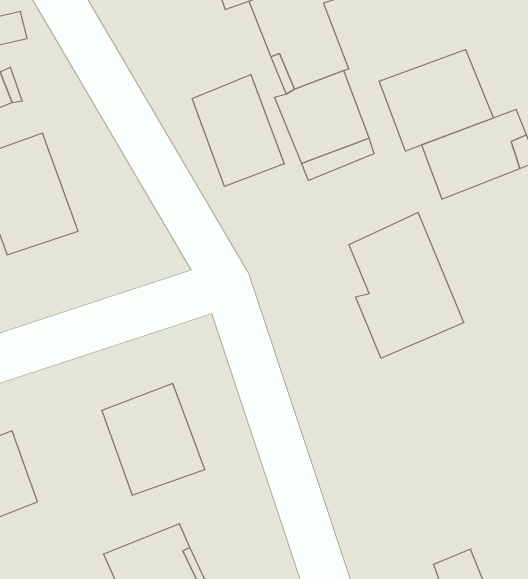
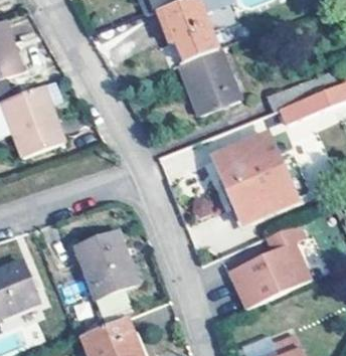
building: [379,50,493,151] -> none
building: [192,74,284,186] -> none
building: none -> [227,221,310,310]

